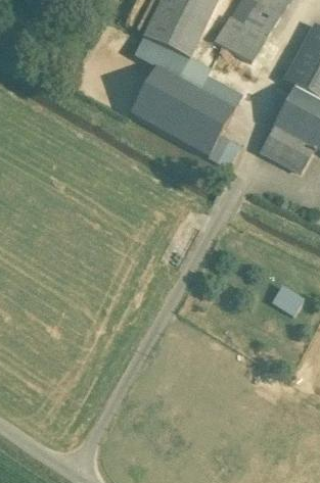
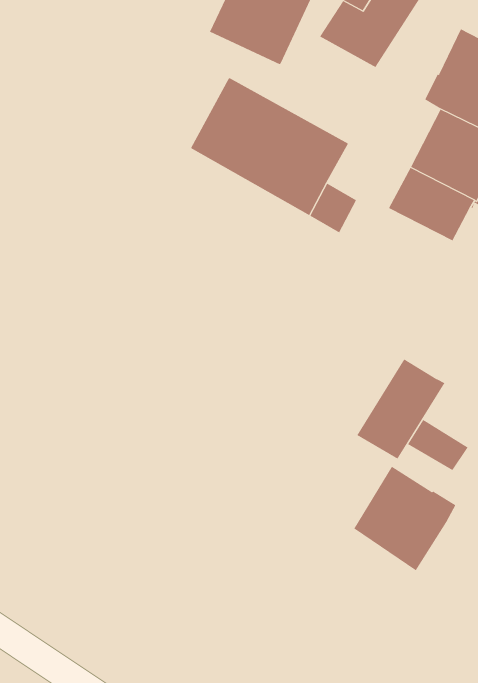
building: [134,36,242,108] -> none
building: none -> [356,358,445,460]
building: none -> [353,466,456,571]

